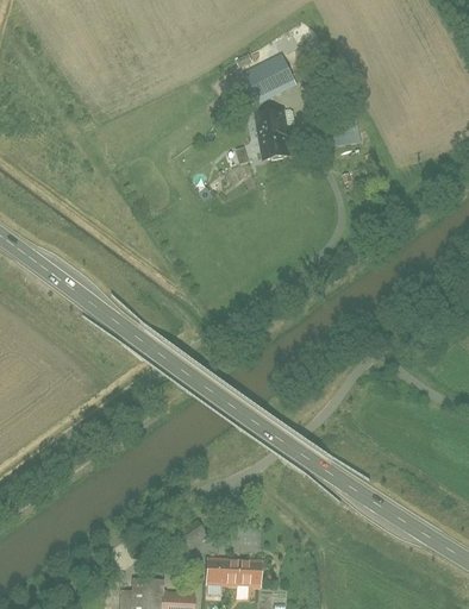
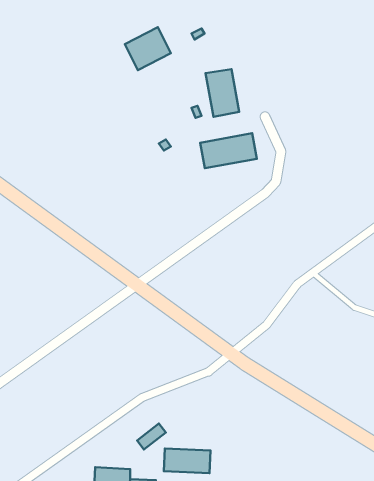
building: [242,55,296,106] -> [125,27,171,70]
building: none -> [200,133,257,168]

